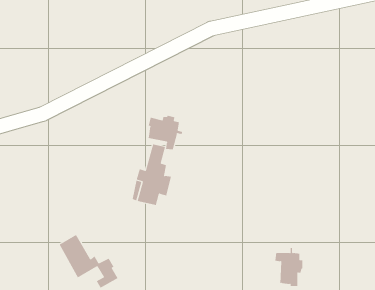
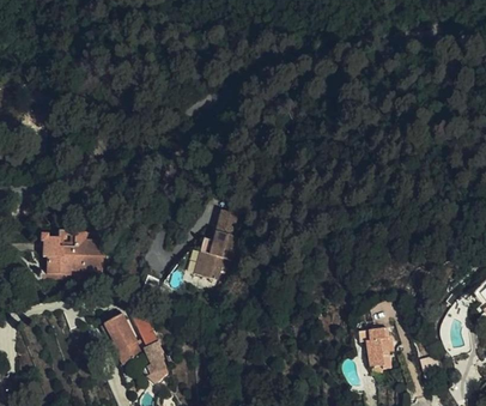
building: [148,115,183,150] -> none
building: none -> [41,228,104,271]

